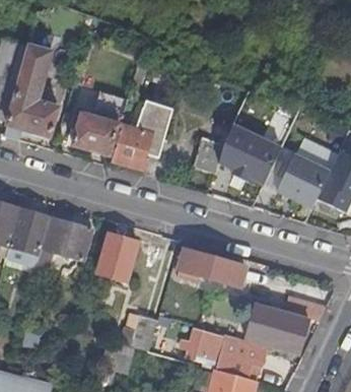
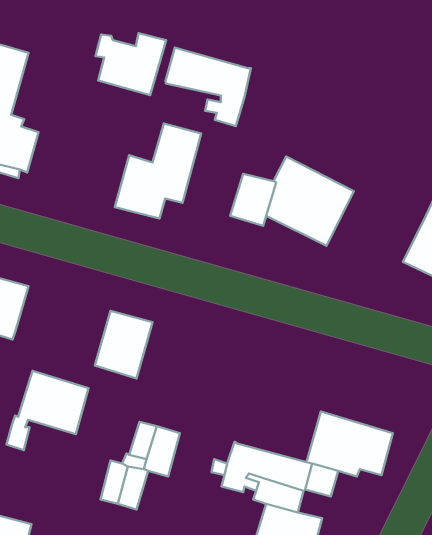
building: none -> [166,48,251,126]
building: [71,110,121,153] -> [95,33,166,95]
building: [275,154,329,209] -> none
building: [36,216,93,272] -> [7,371,89,450]
building: [179,249,245,286] -> none

